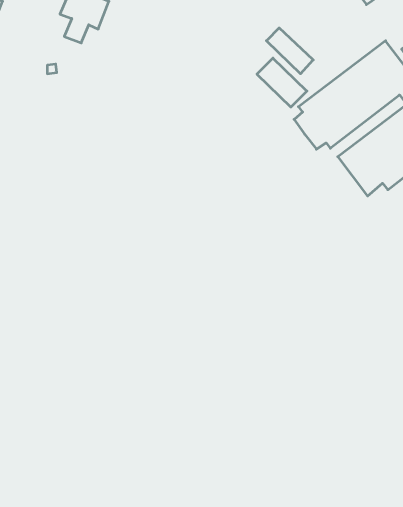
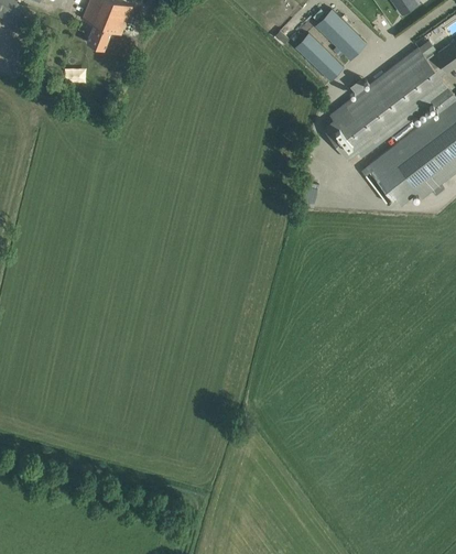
building: [257,58,307,107] -> [315,8,367,58]

